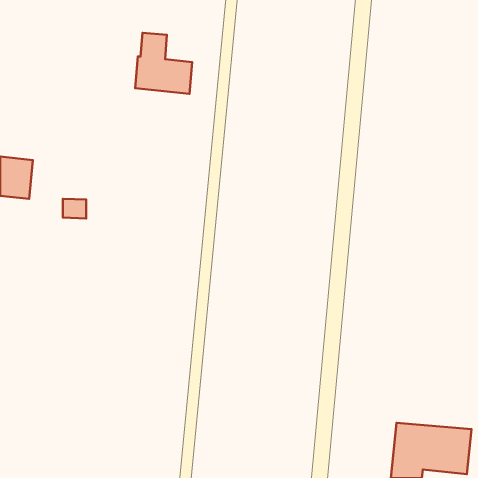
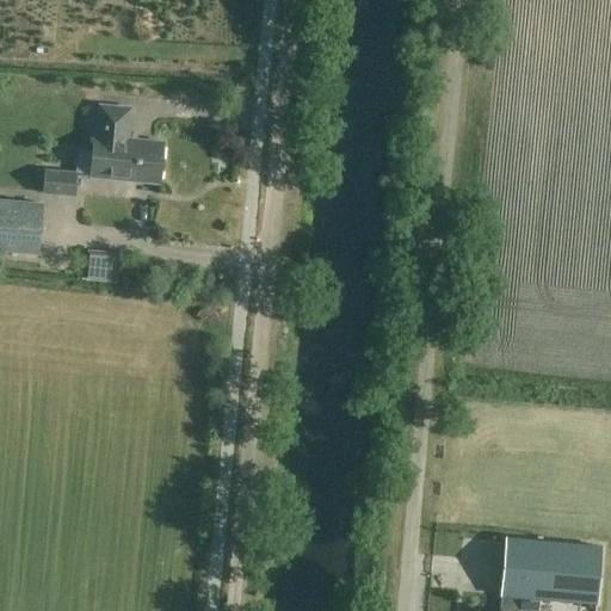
building: [135,33,192,94] -> [90,105,162,183]
building: none -> [44,169,78,195]

